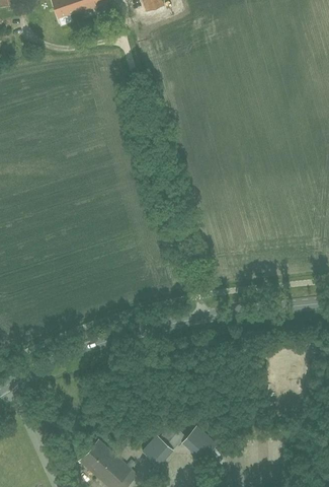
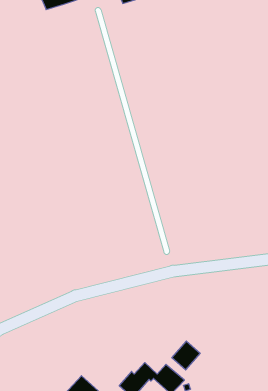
building: none -> [172,341,200,370]

